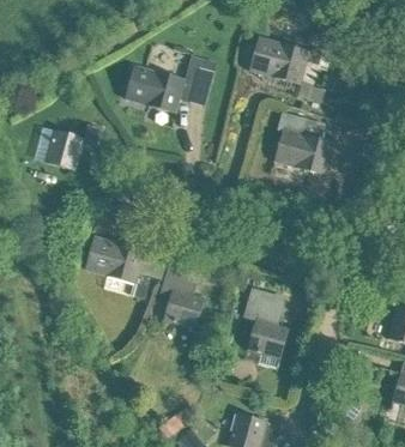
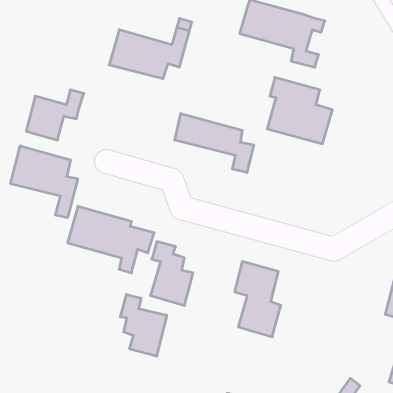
building: none -> [175,113,254,173]
building: none -> [11,146,78,218]
building: none -> [120,294,167,356]

